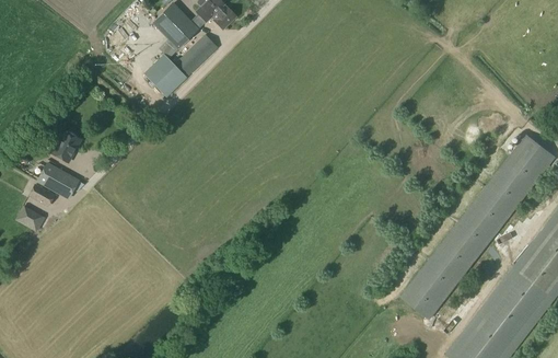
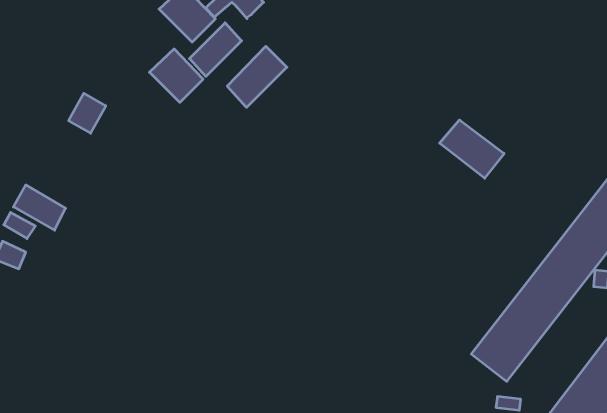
building: none -> [227,46,287,107]
building: none -> [440,120,504,178]
building: [50,130,80,162] -> [69,93,106,133]

